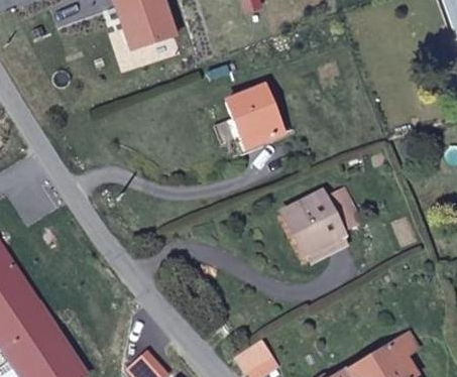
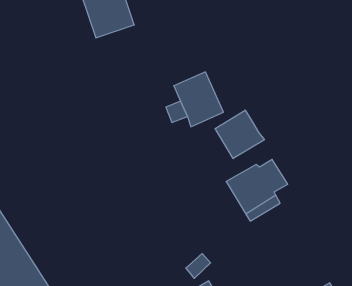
building: none -> [215,110,264,159]

